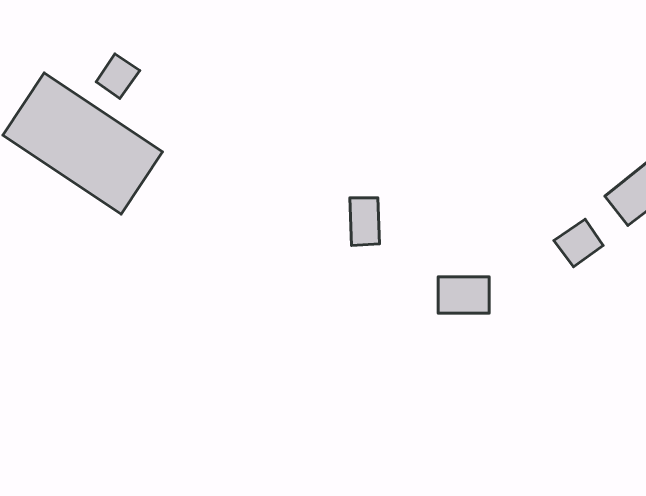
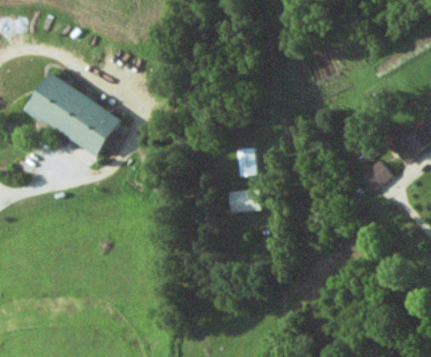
building: [96,54,140,99] -> none
building: [438,277,489,313] -> [228,190,259,212]

